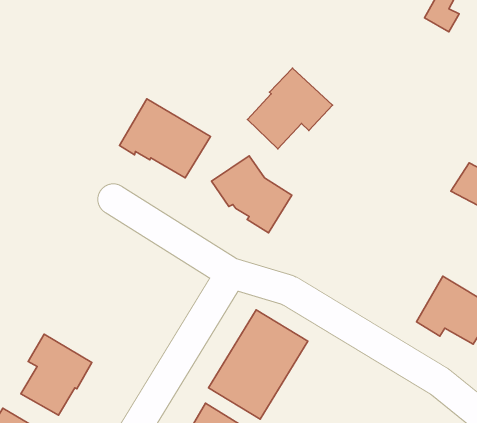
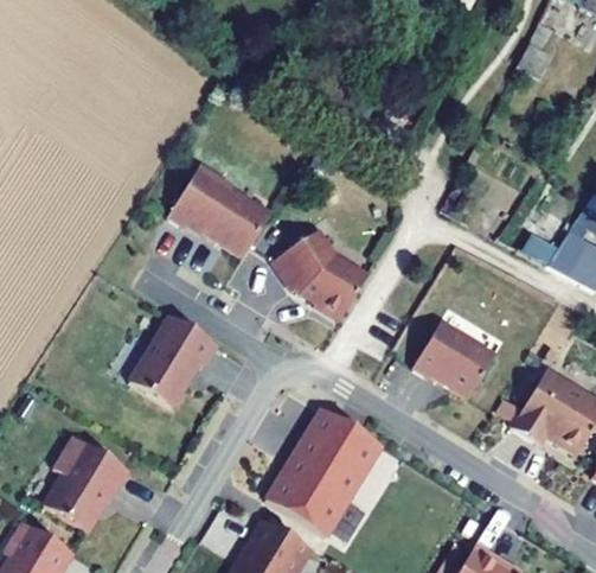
building: [247,68,333,149] -> none
building: none -> [129,314,216,407]
building: none -> [409,319,492,395]

